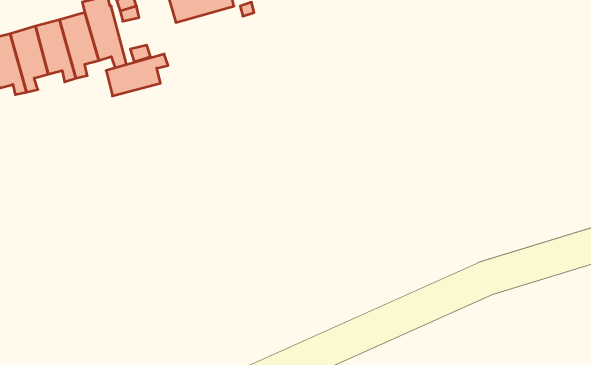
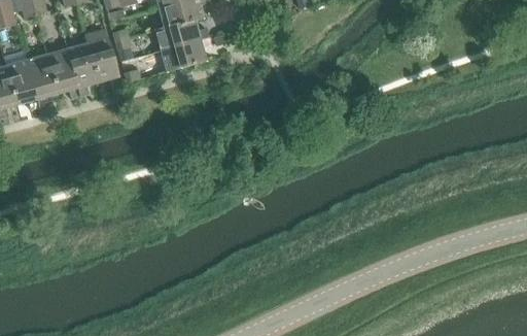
building: [106,54,168,96] -> [161,36,211,70]

